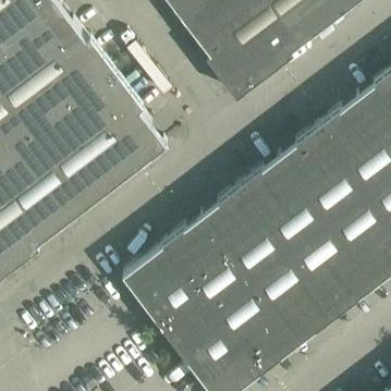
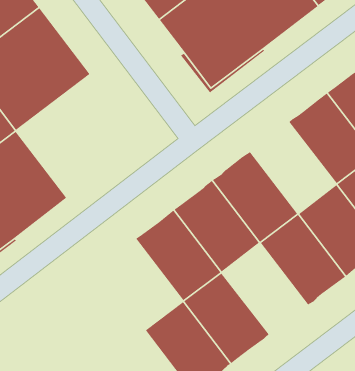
building: [39,78,168,205] -> none
building: [279,127,367,221] -> none
building: [122,246,210,340] -> none
building: [249,251,338,344] -> none

